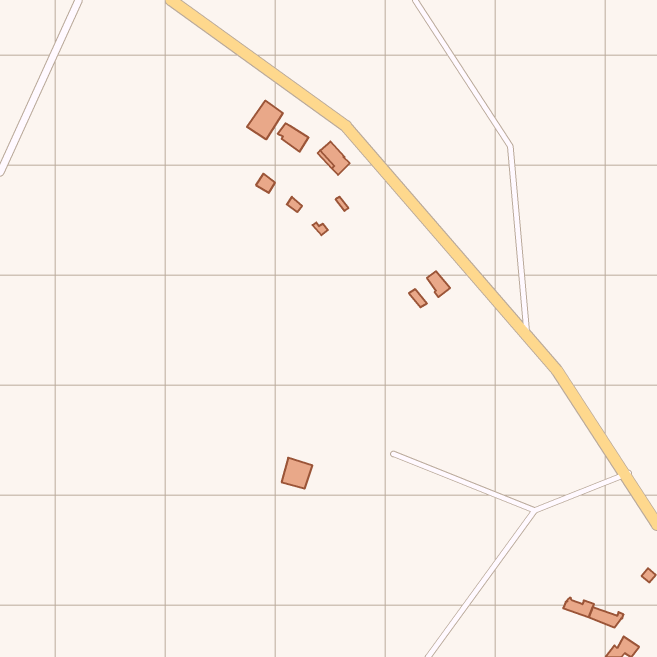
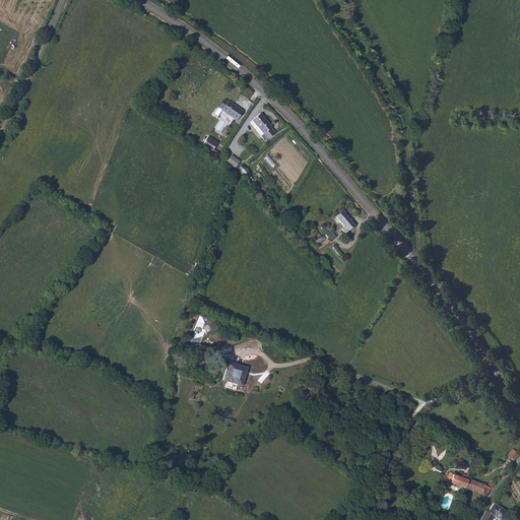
building: [247,101,283,139] -> none

